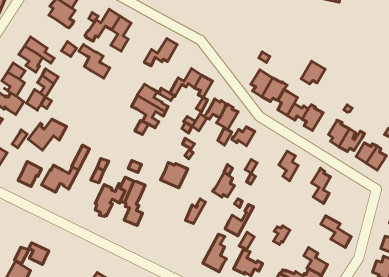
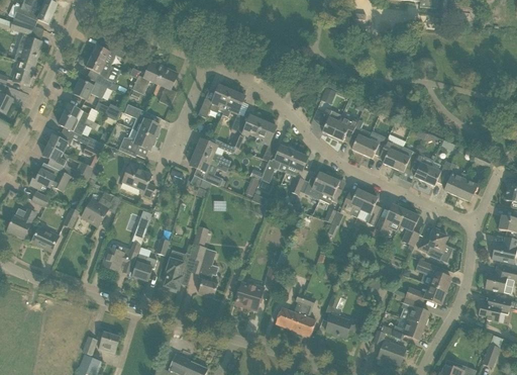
building: none -> [74,80,107,100]
building: none -> [222,91,244,130]
building: [301,61,325,84] -> [393,146,418,171]
building: none -> [118,128,157,155]
building: none -> [122,164,156,198]
building: none -> [341,188,368,217]
building: [18,161,42,187] -> [132,253,157,280]
building: [161,163,188,188] -> [235,283,264,309]
building: none -> [375,204,406,232]
building: [213,173,234,197] -> [319,176,342,203]
building: none -> [417,227,447,260]
building: [225,204,254,236] -> [276,292,304,329]
building: none -> [405,284,445,304]

